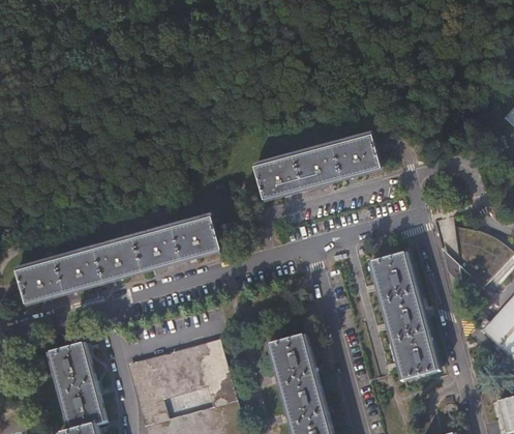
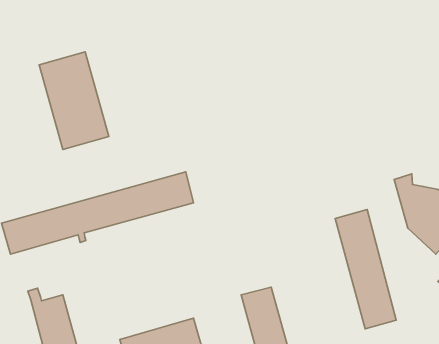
building: none -> [39,52,109,150]
building: [255,132,382,198] -> none
building: [135,344,221,393] -> none

